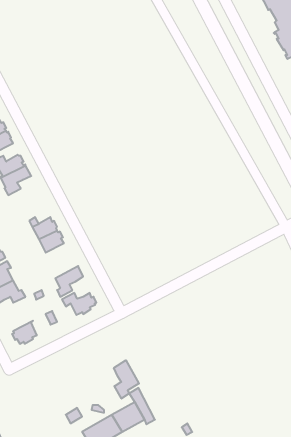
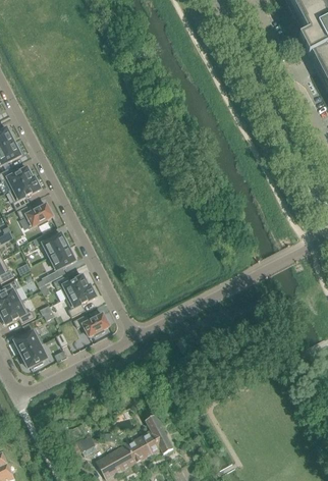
building: none -> [17,204,54,227]
building: none -> [53,274,91,298]
building: none -> [14,329,43,354]
building: [114,360,139,399] -> none

